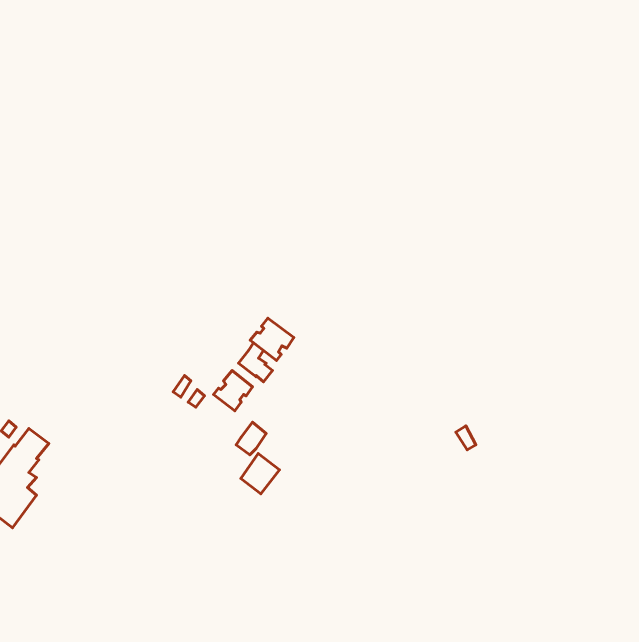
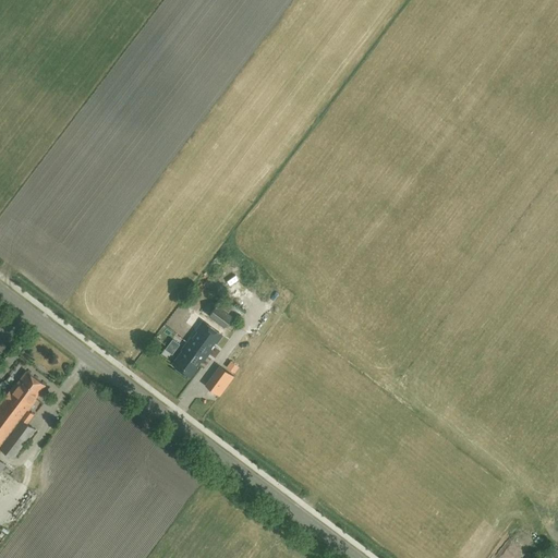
building: [250,318,294,361] -> none
building: [241,453,280,494] -> [170,342,204,377]

